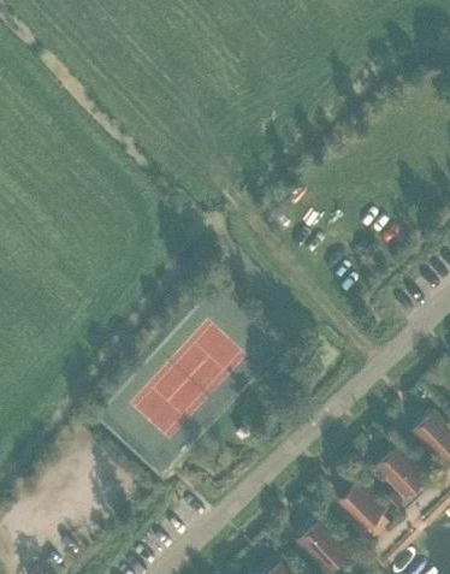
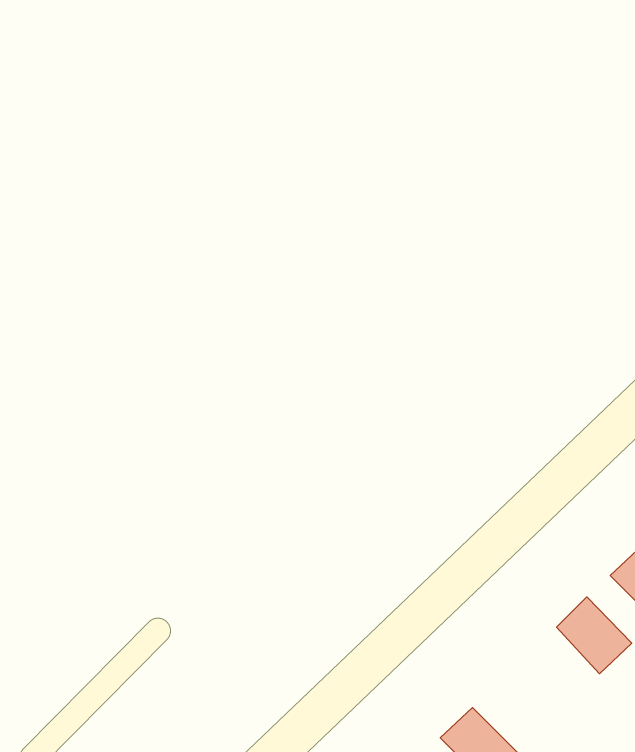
building: [339,485,385,533] -> none

